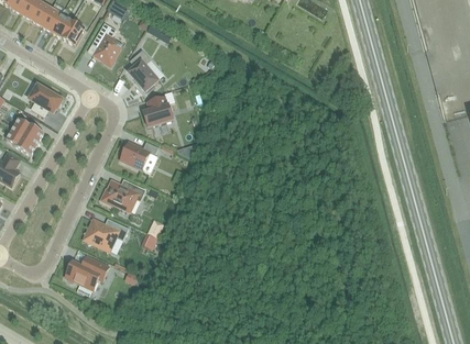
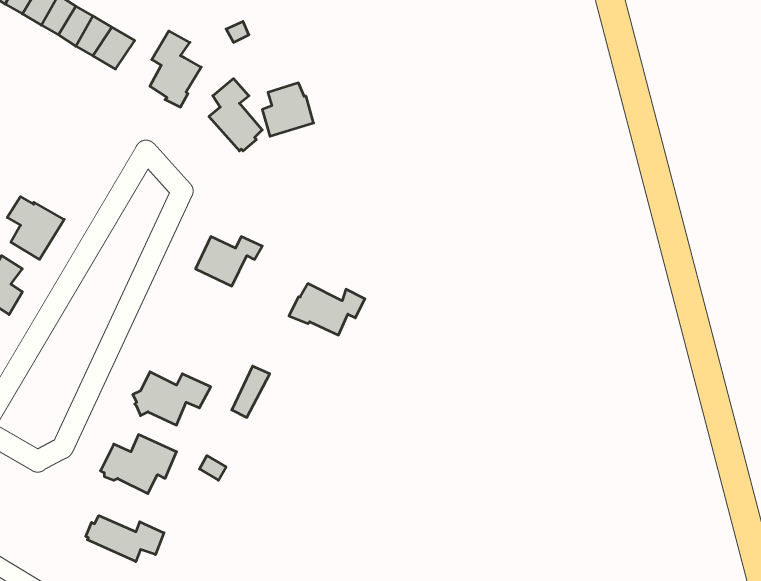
building: [29,82,63,114] -> none
building: [143,95,173,125] -> [262,83,314,136]
building: [101,179,145,209] -> [289,284,365,335]
building: none -> [86,516,164,562]

